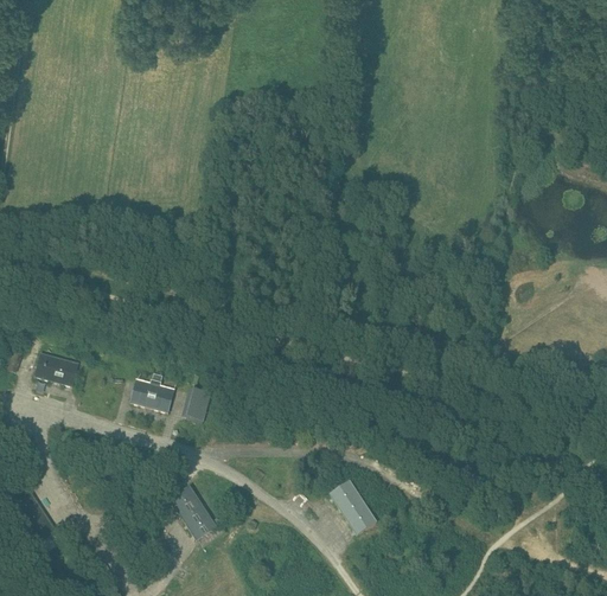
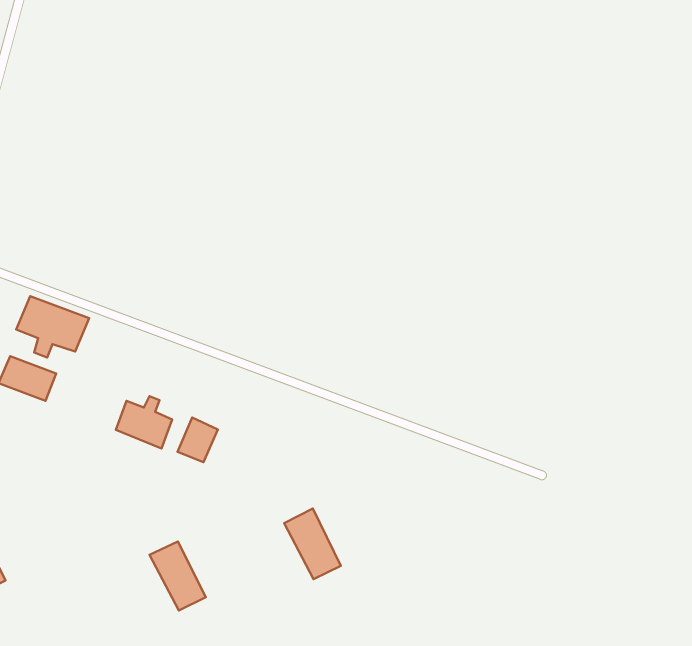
building: none -> [16,296,89,357]
building: [328,480,377,536] -> [284,509,341,579]

